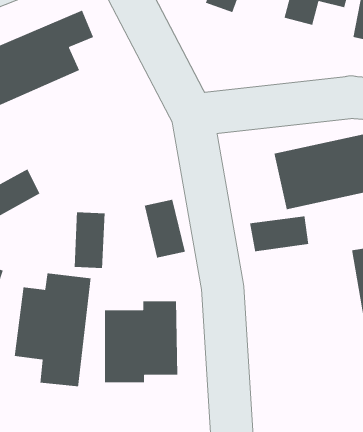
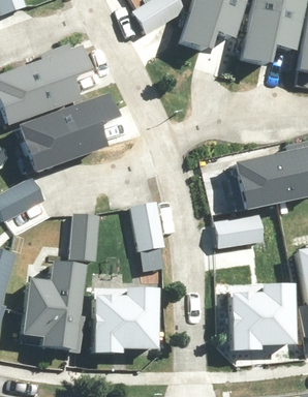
building: none -> [18,93,118,172]
building: none -> [236,280,296,347]

